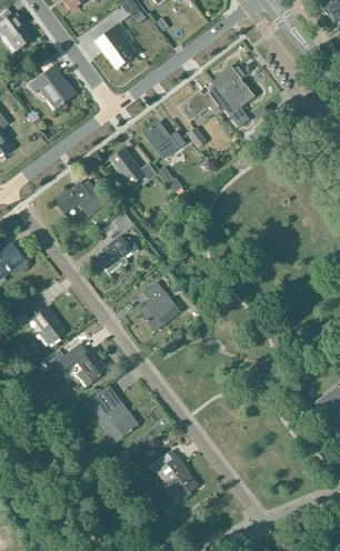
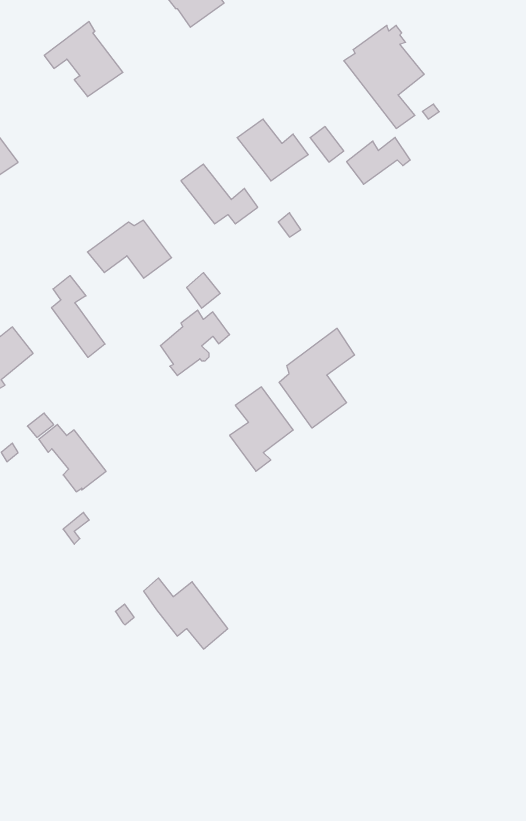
building: [180,92,218,120] -> [347,137,410,184]
building: none -> [52,276,105,357]
building: none -> [279,328,355,428]
building: [69,348,108,385] -> none
building: [154,457,198,497] -> none

